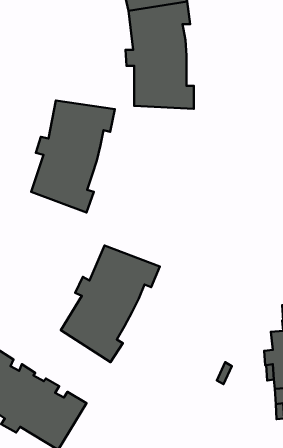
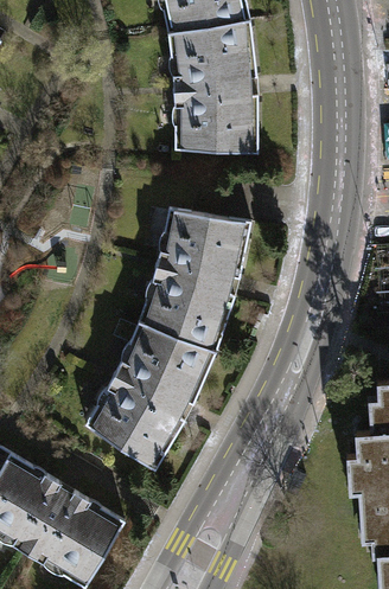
building: [31,101,115,213] -> [147,212,251,352]

